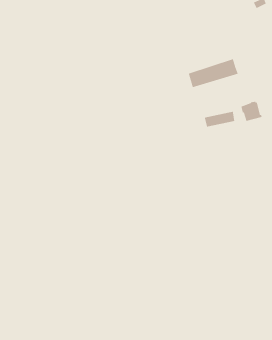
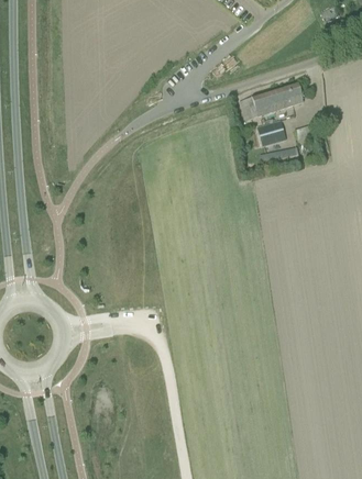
building: [240,101,262,122] -> [260,119,287,145]

